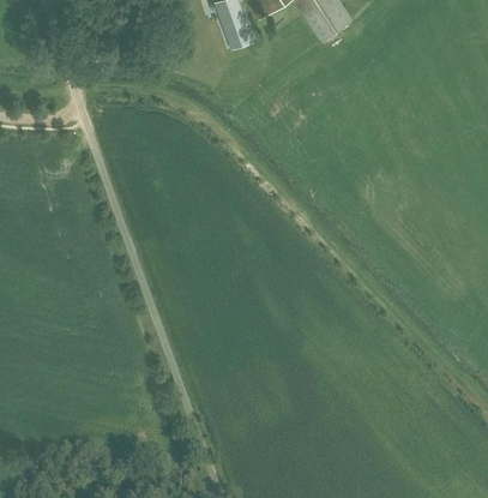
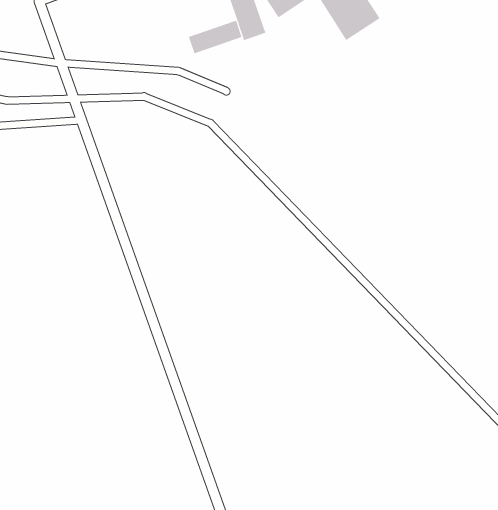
building: none -> [188,20,242,54]

